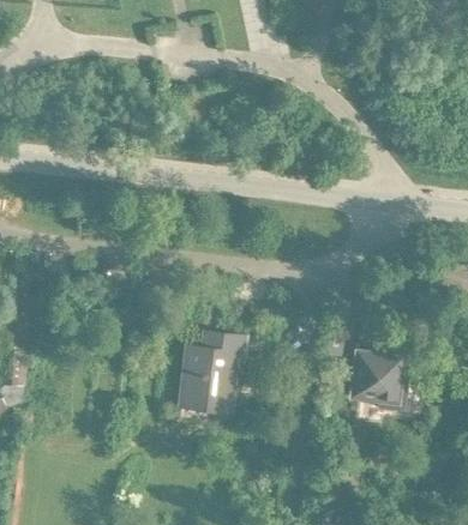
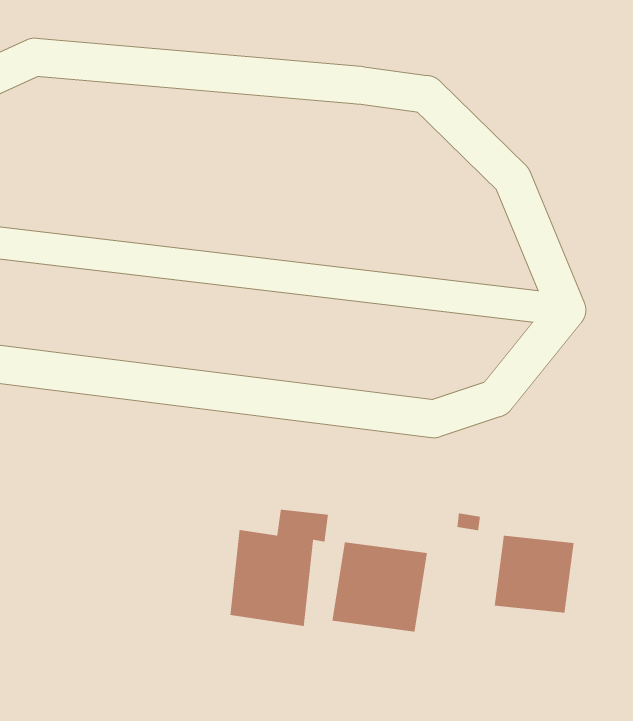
building: none -> [331,541,428,632]

